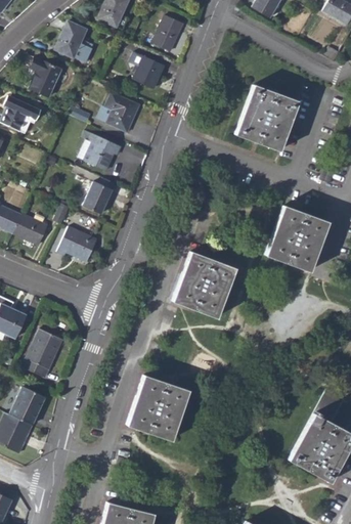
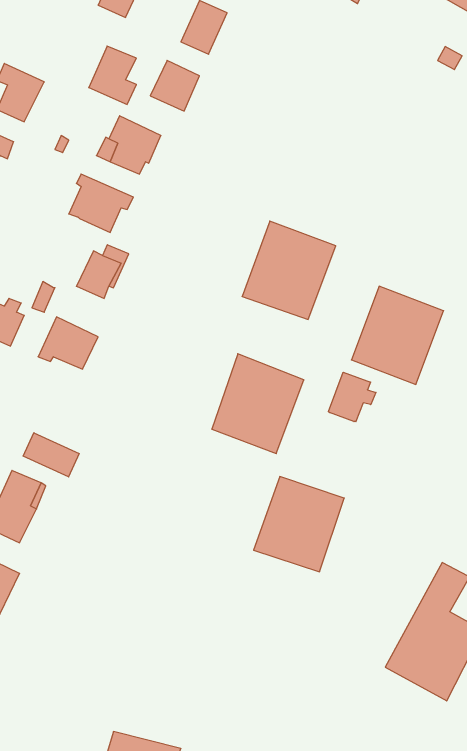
building: [55,21,87,60] -> [89,46,136,104]
building: [235,85,298,150] -> [242,221,336,319]
building: none -> [328,372,376,422]
building: none -> [23,433,79,477]
building: [127,376,187,439] -> [254,477,344,572]

